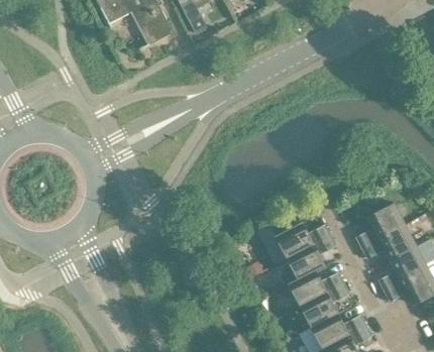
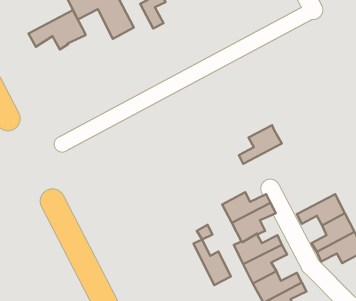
building: none -> [28,10,86,49]
building: [355,203,405,247] -> [239,125,282,164]
building: none -> [194,240,231,285]

